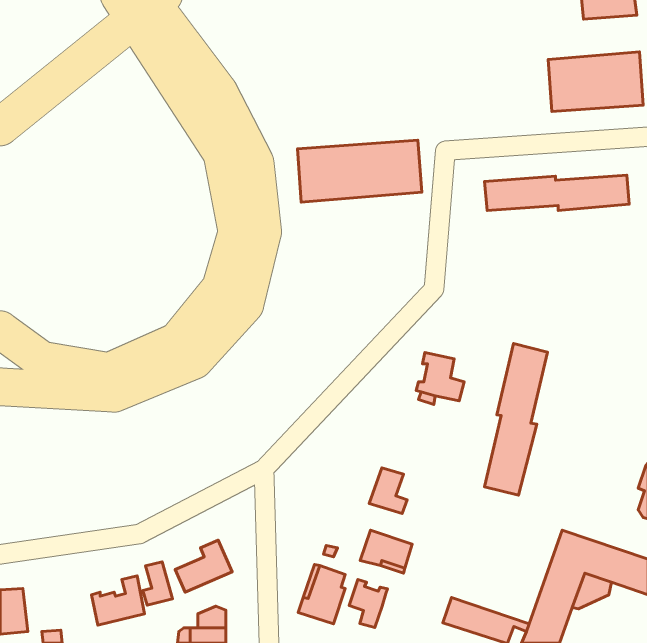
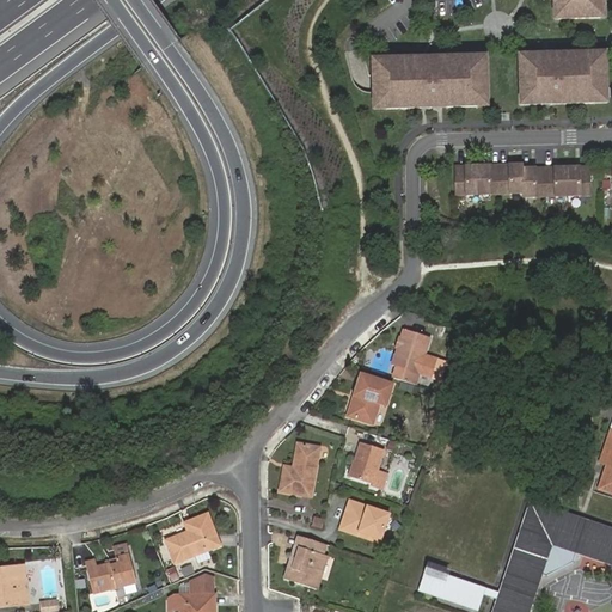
building: [297,140,422,202] -> [372,59,489,117]
building: [485,344,547,495] -> none
building: none -> [348,374,393,422]
building: none -> [280,441,320,492]
building: [143,562,173,605] -> none
building: [349,579,387,628] -> none

